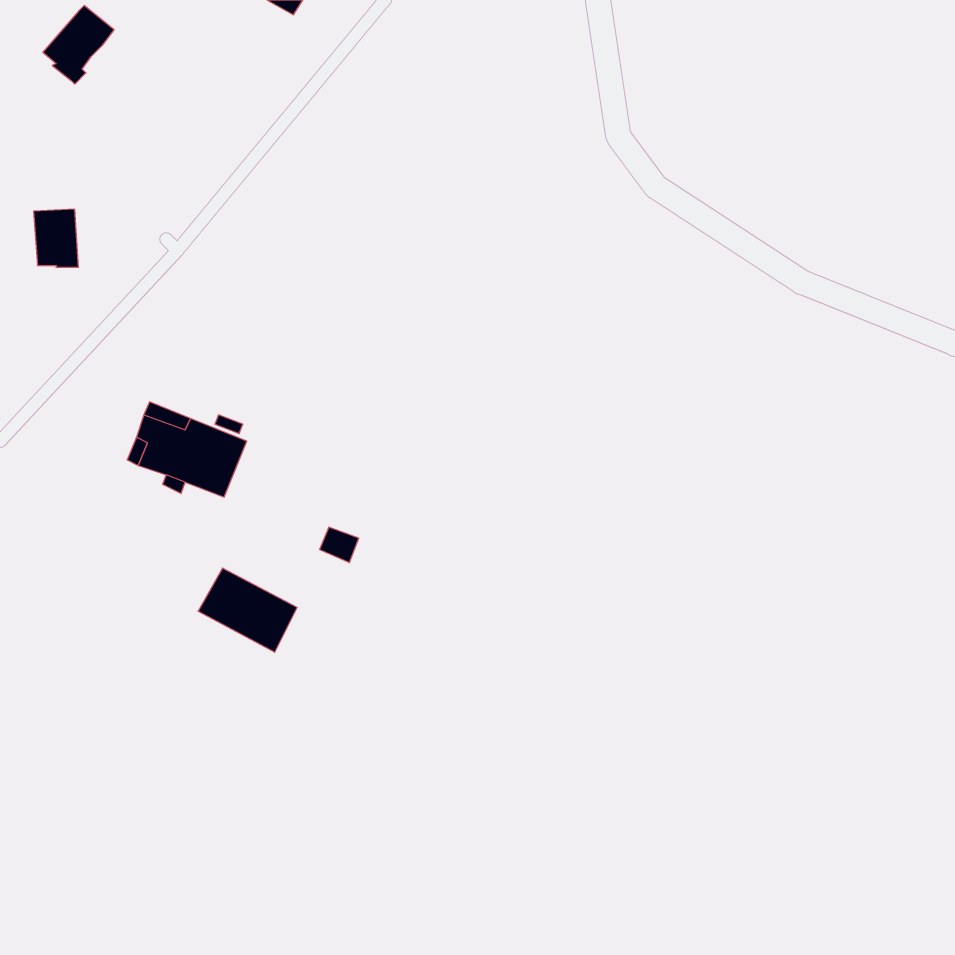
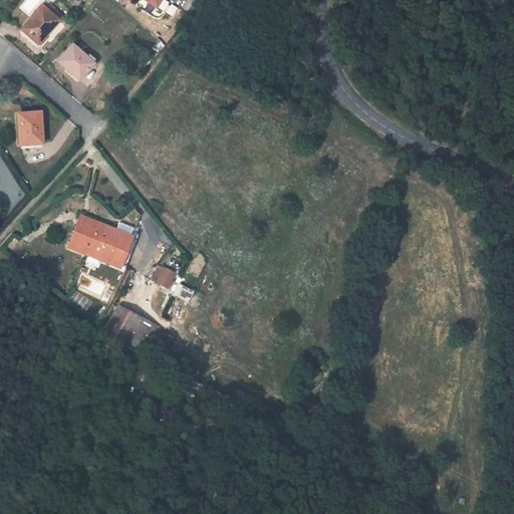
building: none -> [58,44,94,79]
building: none -> [150,265,176,289]

